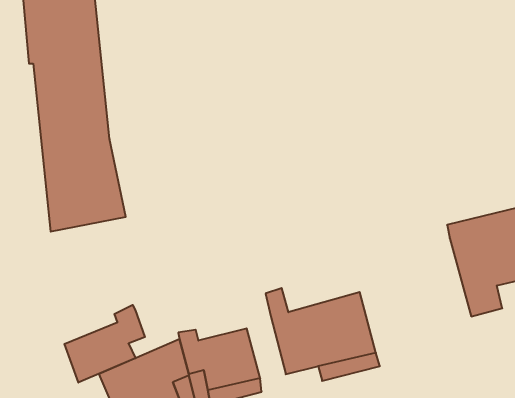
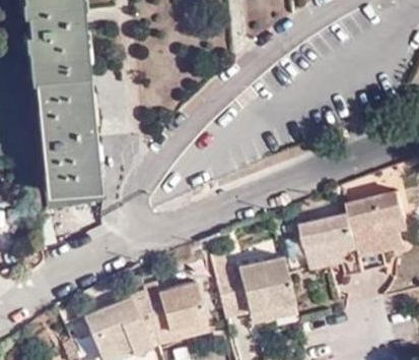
building: none -> [302,214,364,277]
building: [64,305,145,383] -> none

